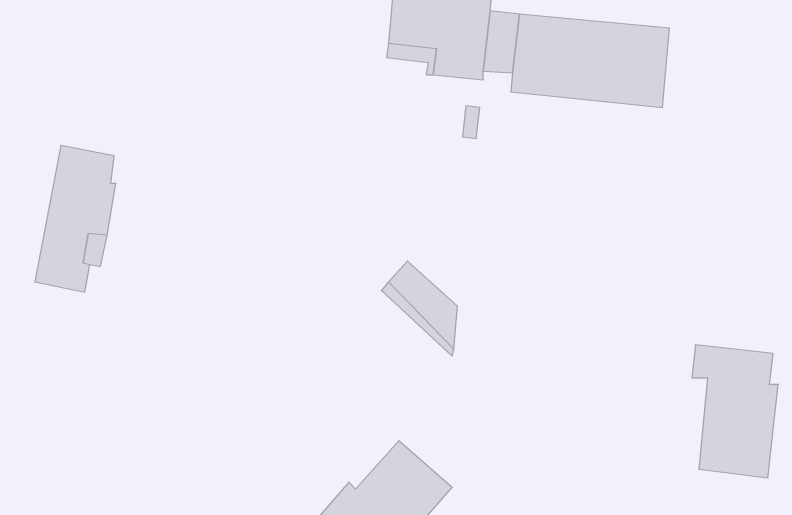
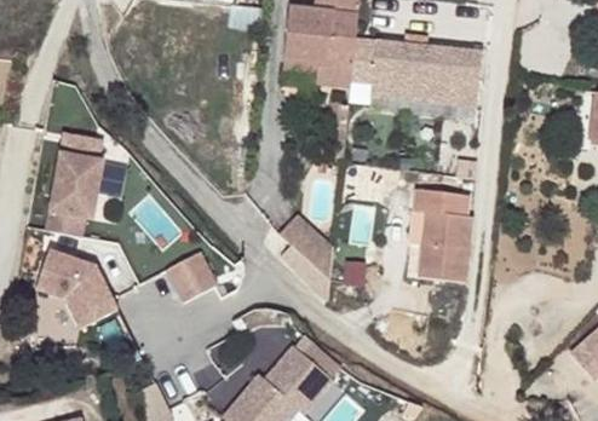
building: none -> [34,244,115,325]
building: none -> [163,252,214,302]
building: [692,345,778,478] -> [413,188,473,281]

